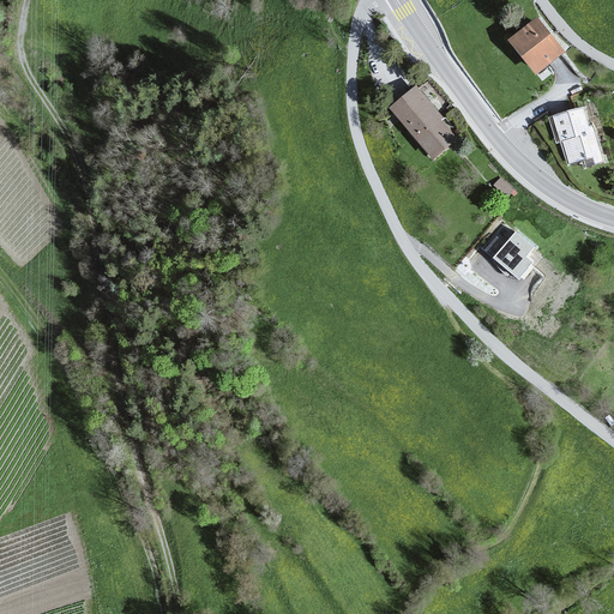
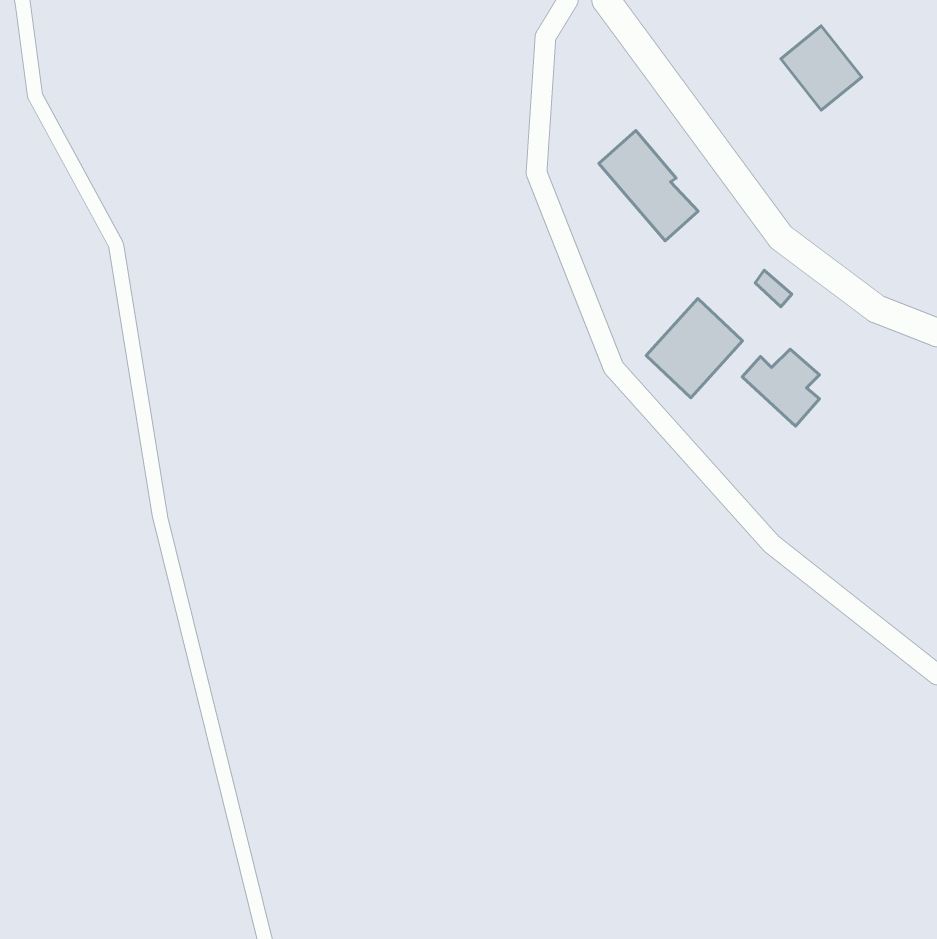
building: [550,108,601,169] -> none
building: none -> [646,298,743,398]

